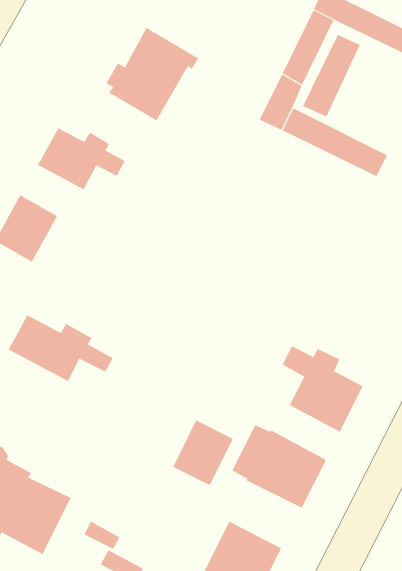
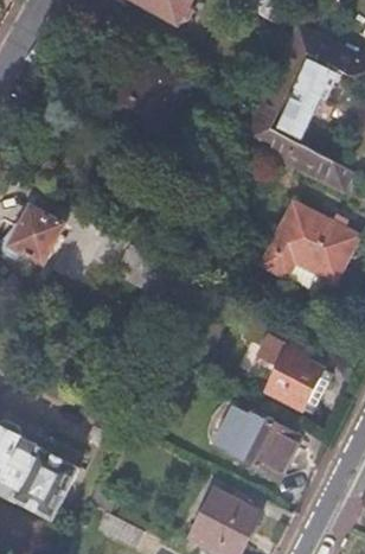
building: [37,127,125,190] -> none
building: none -> [260,202,357,282]
building: [8,314,114,382] -> none
building: [172,420,233,486] -> none

